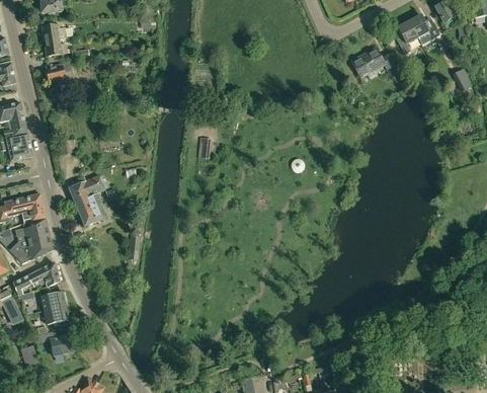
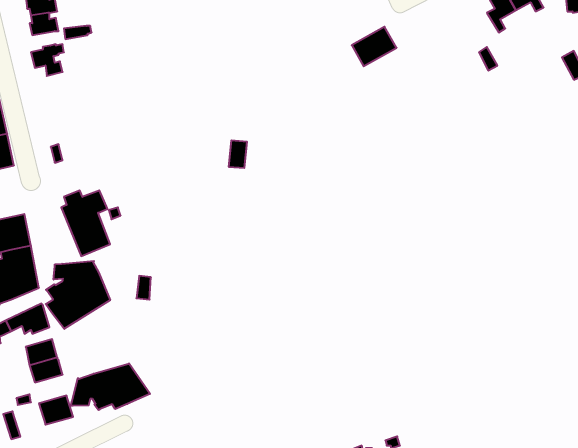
building: [350,47,385,77] -> [352,27,397,66]
building: none -> [46,261,110,329]
building: none -> [71,363,150,410]

